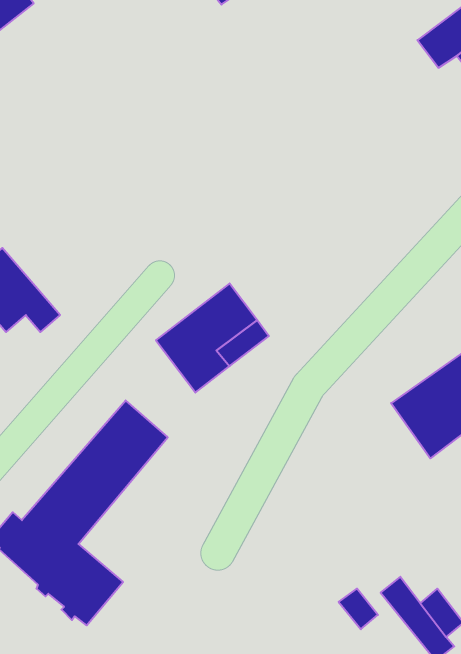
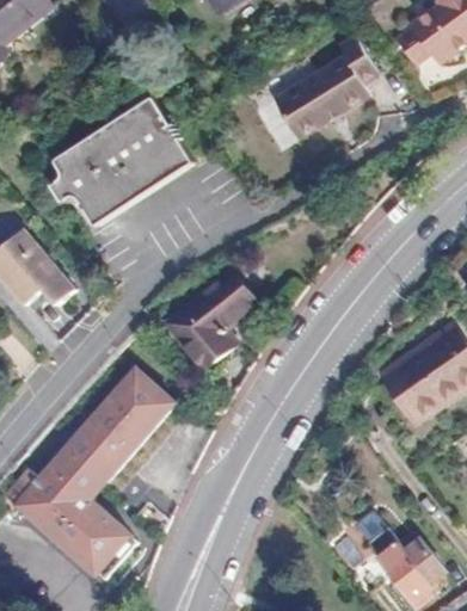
building: none -> [276,35,380,141]
building: none -> [53,98,195,226]

